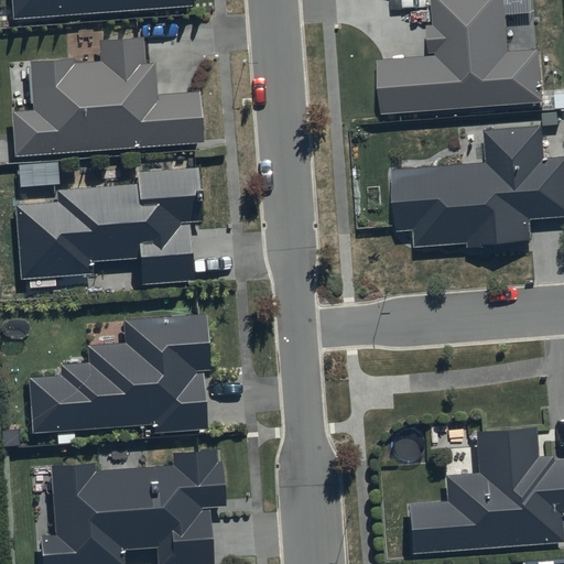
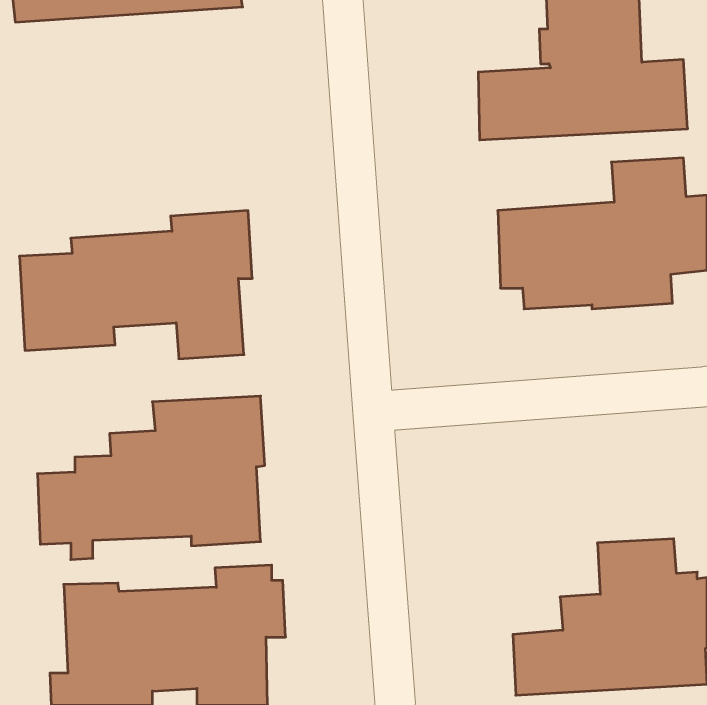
building: [13,39,202,155] -> none

